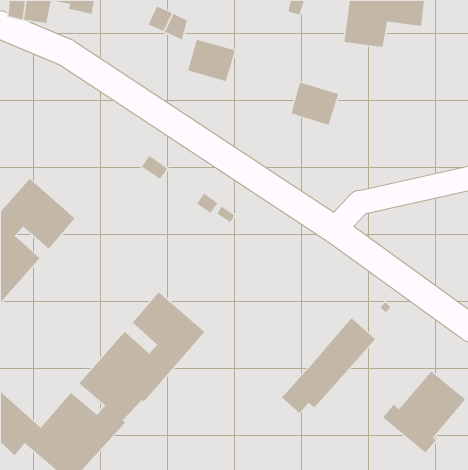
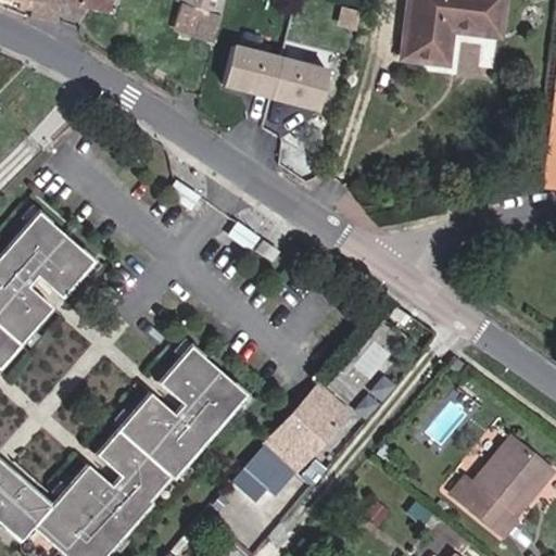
building: [290,82,339,126] -> [270,60,328,112]
building: [281,317,376,414] -> [236,386,348,500]

